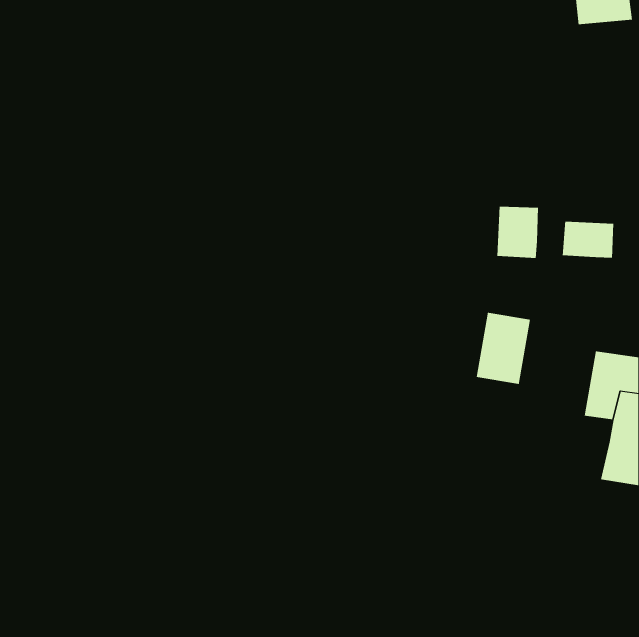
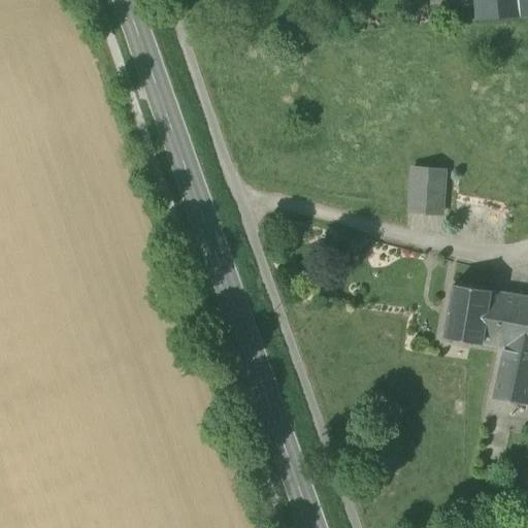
building: [562,221,614,258] -> none
building: [476,312,531,385] -> [446,284,491,343]

